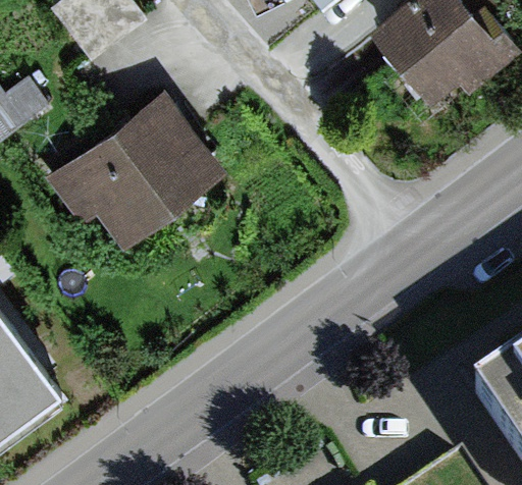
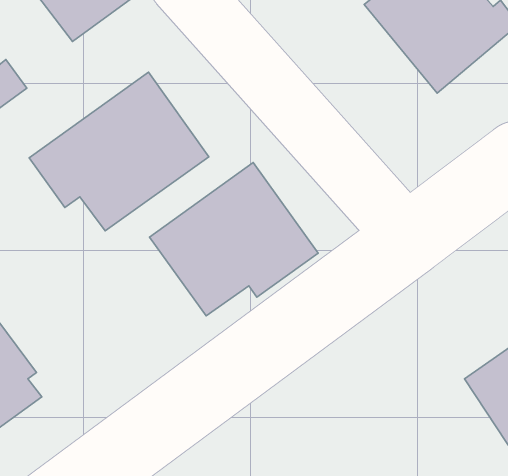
building: none -> [149,162,318,316]

